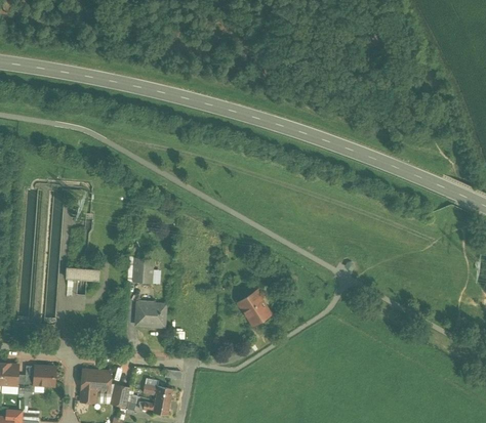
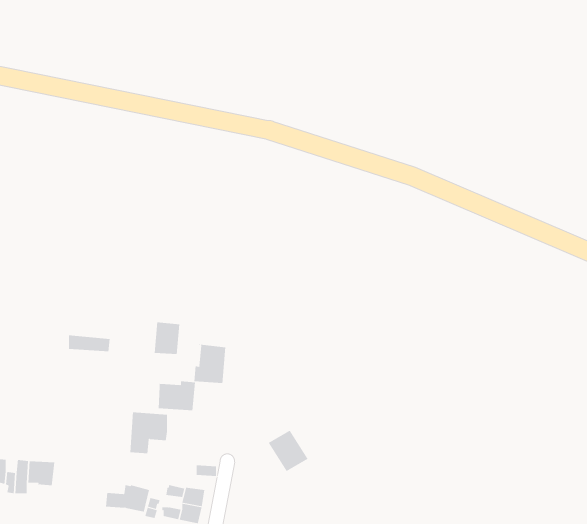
building: none -> [194,344,226,384]
building: [238,291,270,324] -> [268,430,309,472]
building: [80,369,110,401] -> [130,412,168,454]

